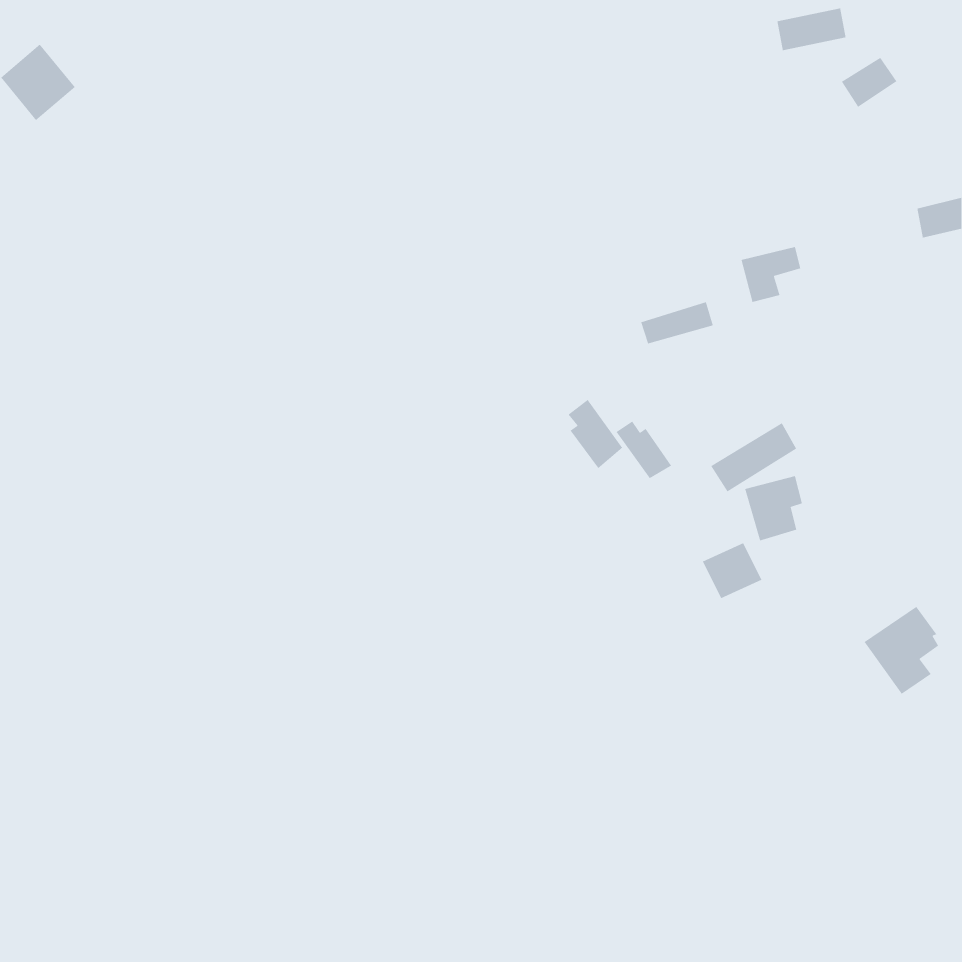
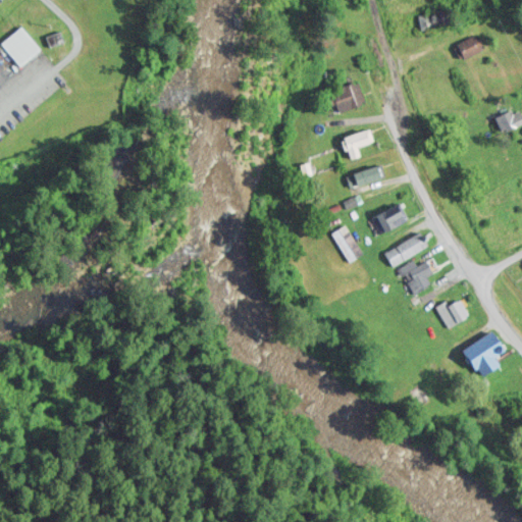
building: none -> [328,81,366,114]
building: [741,246,801,303] -> [341,130,373,161]
building: none -> [369,203,409,237]
building: [568,399,623,469] -> none
building: [702,542,762,599] -> [435,298,468,328]

